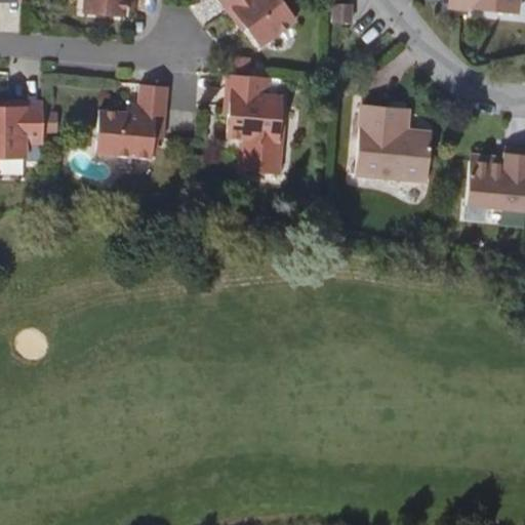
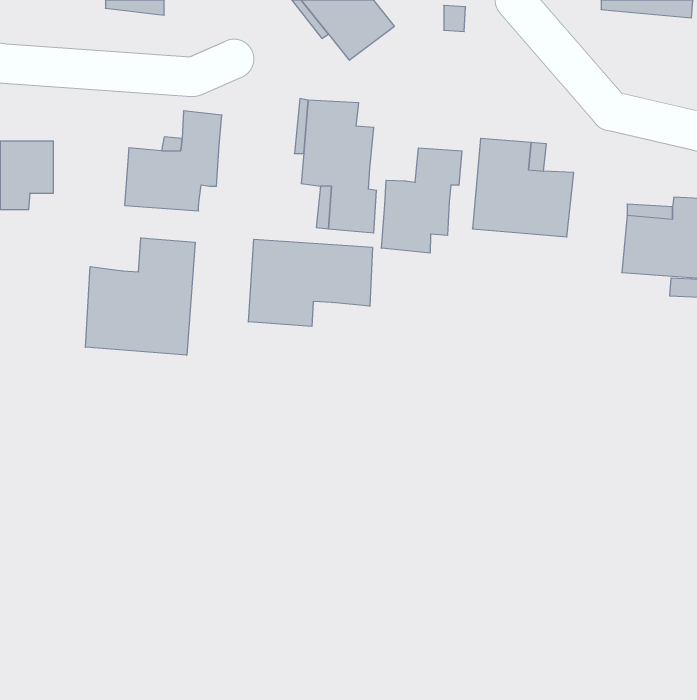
building: none -> [381,148,462,253]
building: none -> [85,238,195,355]
building: none -> [248,239,372,326]

